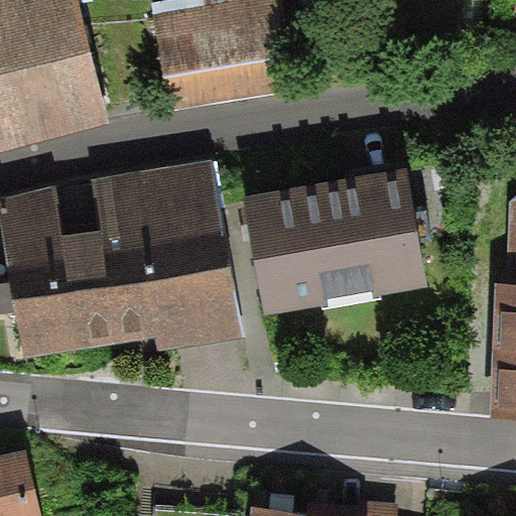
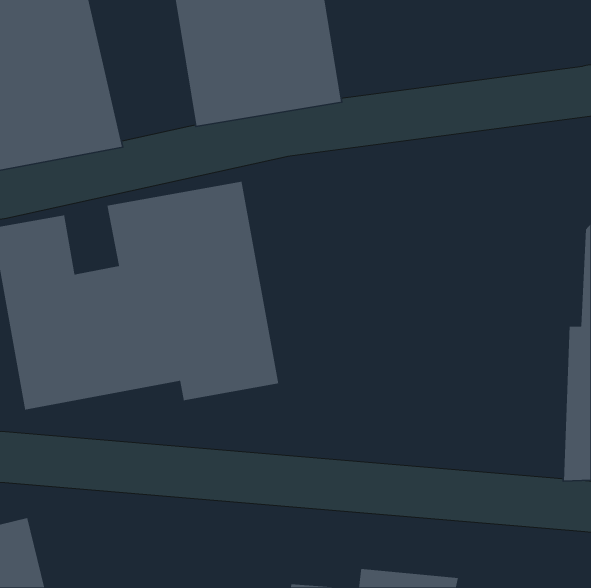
building: [242,169,427,315] -> none

